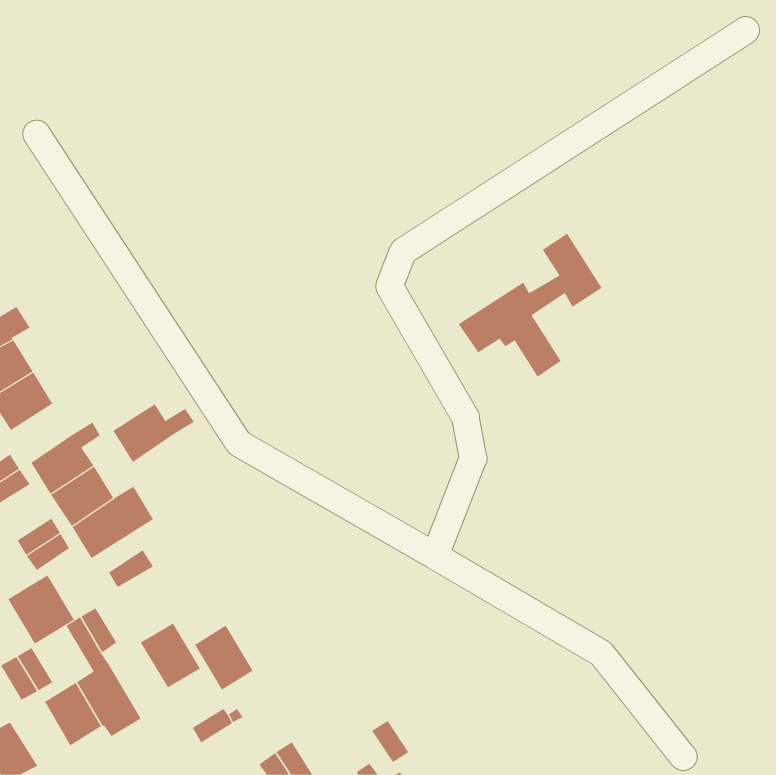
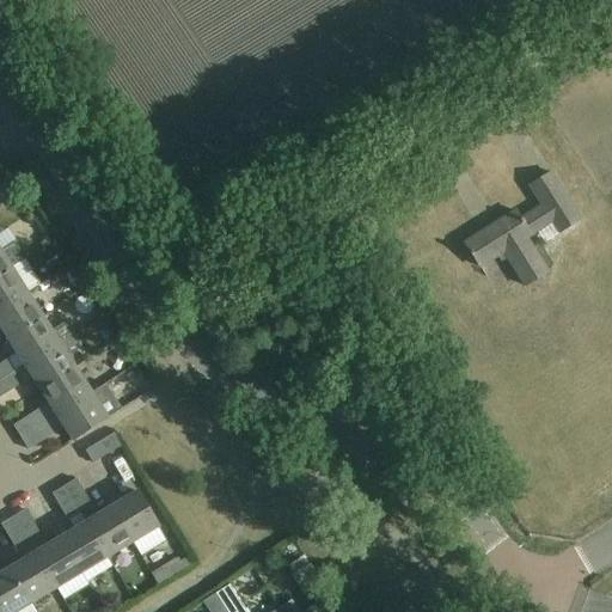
building: [458,233,603,378] -> [464,171,577,284]
building: [113,404,195,463] -> [8,317,73,363]
building: [7,574,75,644] -> none
building: [194,625,254,690] -> [85,504,131,556]
building: none -> [8,551,55,601]

